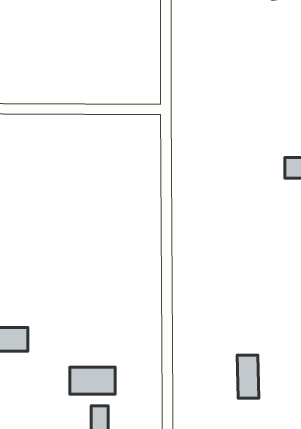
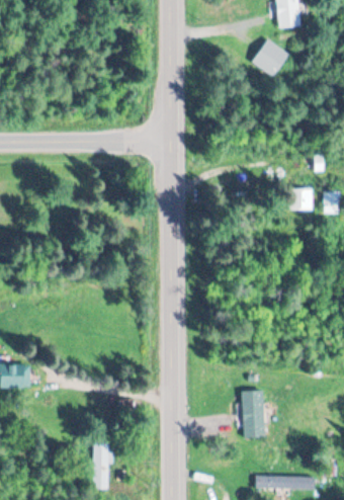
building: none -> [252,40,289,78]
building: [70,367,115,394] -> none

